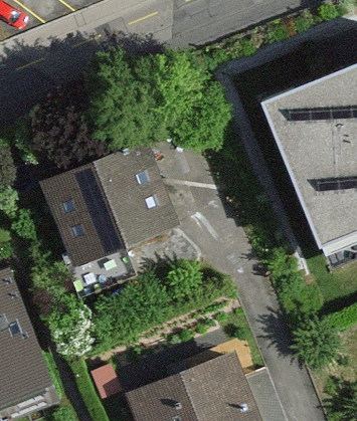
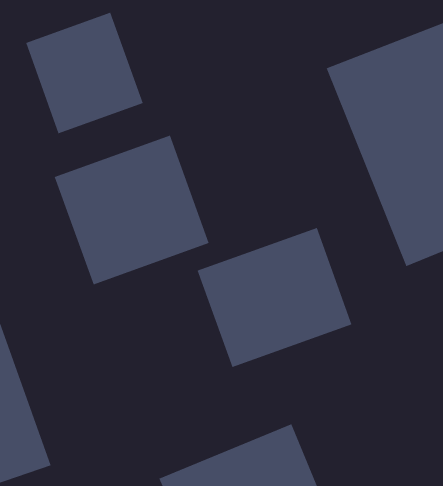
building: none -> [25,12,144,134]
building: none -> [197,227,352,368]

